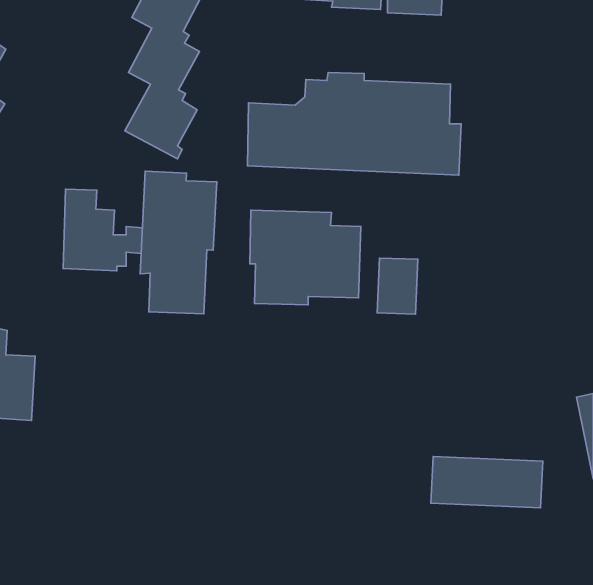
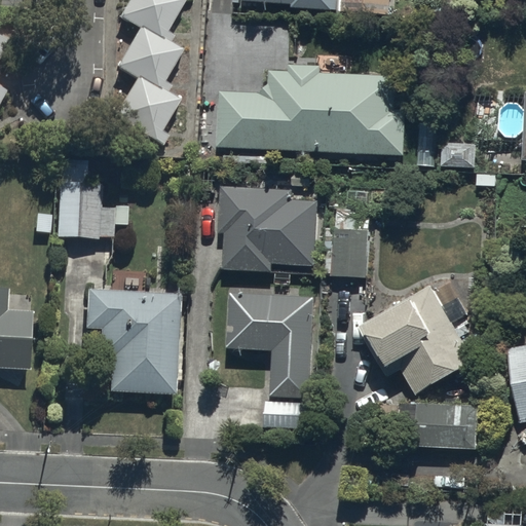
building: [140,171,217,314] -> none
building: none -> [360,285,475,396]
building: none -> [84,290,179,396]
building: none -> [228,294,314,427]

